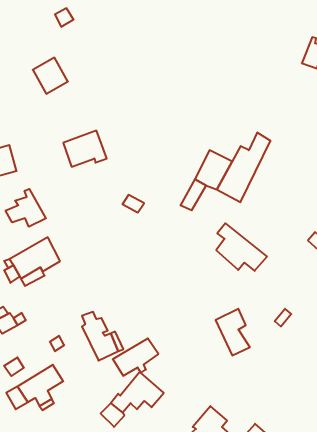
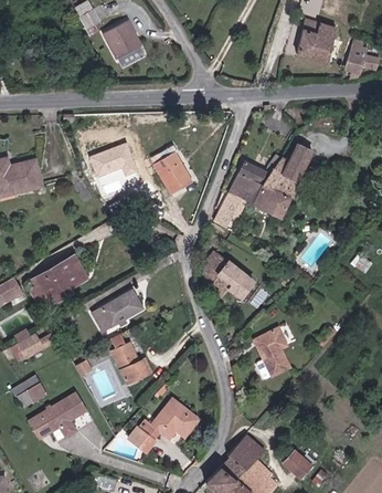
building: none -> [297,24,336,63]
building: [33,58,68,94] -> [104,21,141,60]
building: none -> [155,150,191,192]
building: [6,189,46,227] -> none
building: [216,223,267,271] -> [199,246,253,297]
building: [113,338,158,376] -> [93,292,141,332]

